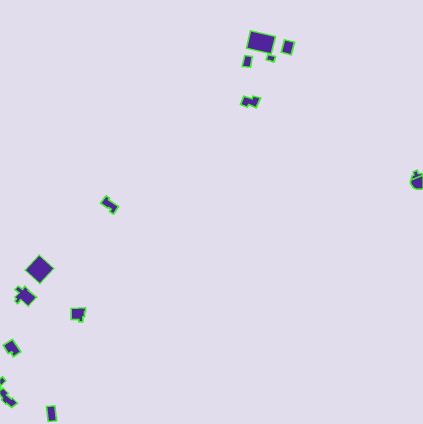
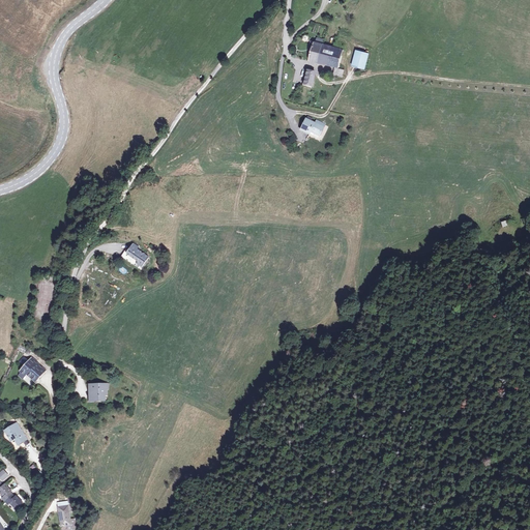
building: [25,255,54,284] -> none

